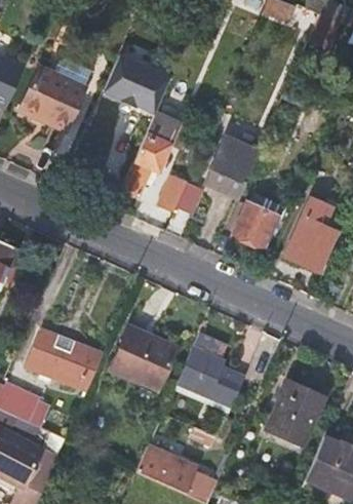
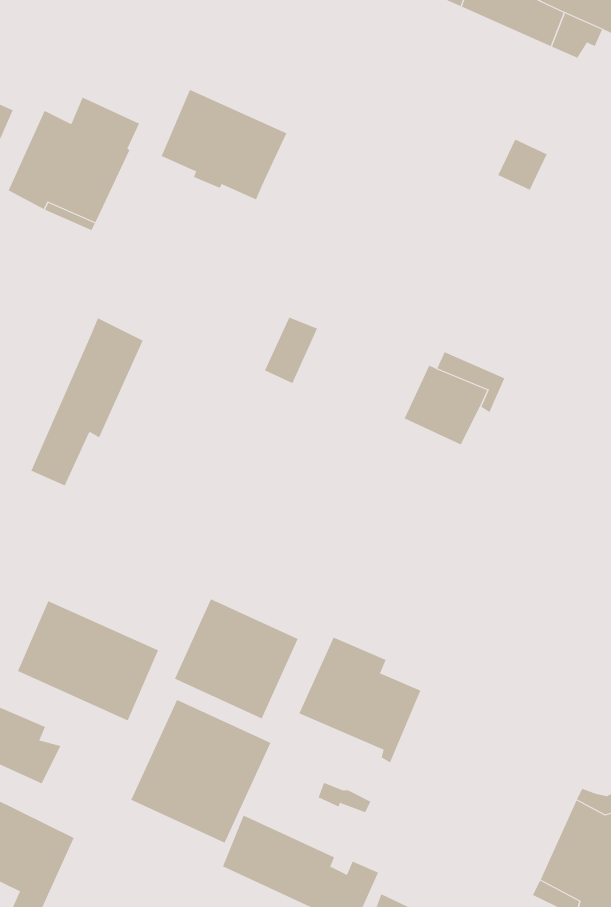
building: [121,107,182,197] -> [31,318,144,486]
building: [203,138,258,198] -> none
building: [284,200,337,270] -> none
building: none -> [131,699,271,843]
building: [267,383,324,444] -> none

